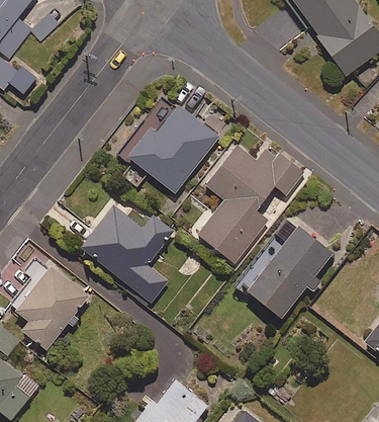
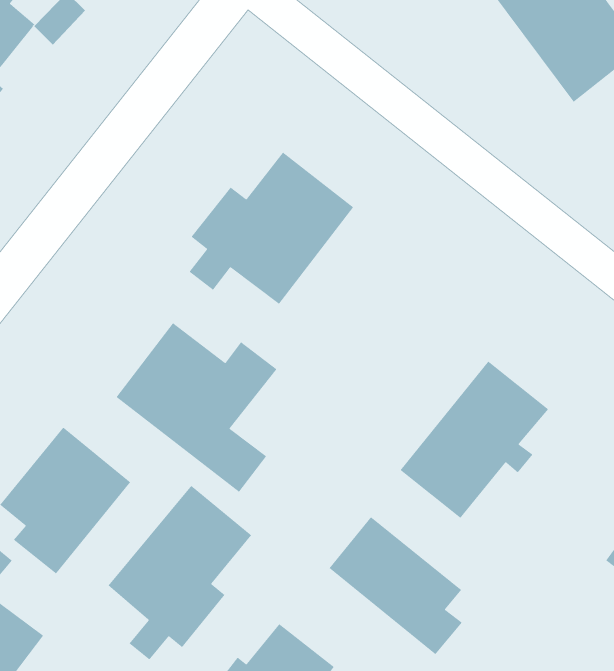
building: [198,145,305,263] -> none
building: none -> [108,485,252,660]
building: none -> [329,516,463,655]

